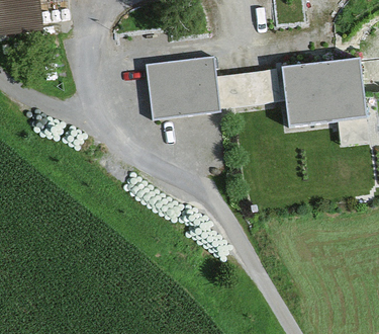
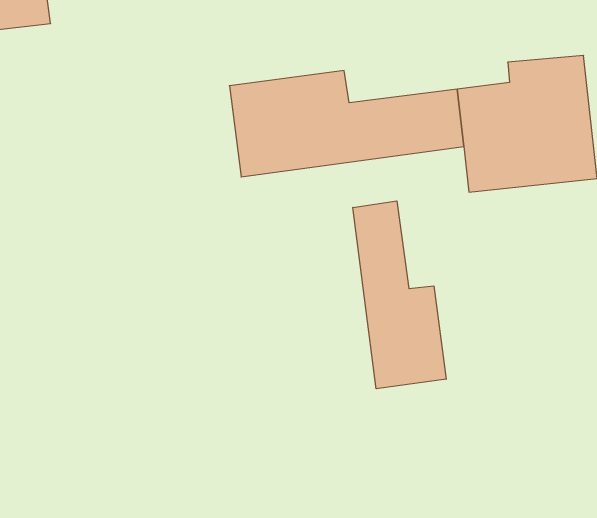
building: none -> [353,201,446,389]

